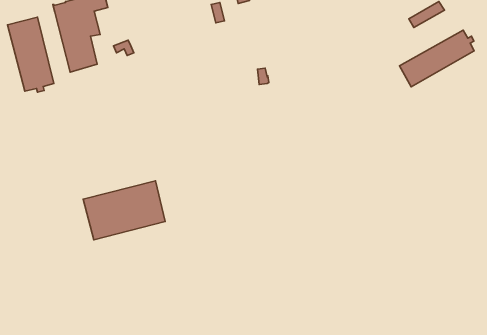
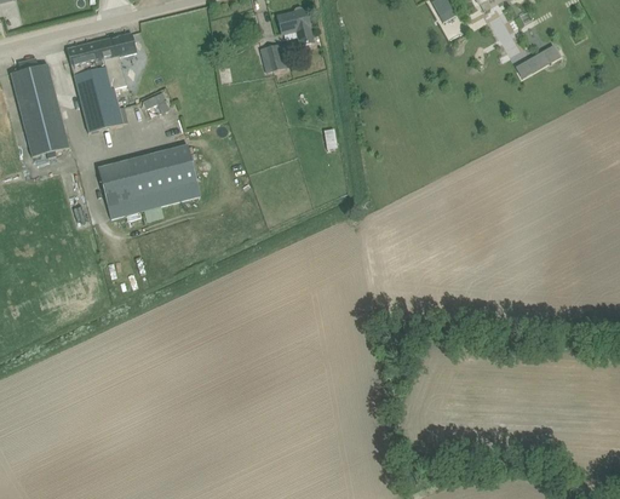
building: [399,30,474,87] -> none
building: [83,181,165,240] -> [97,145,200,219]

